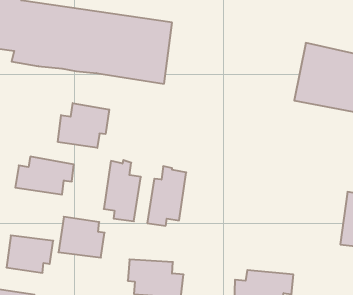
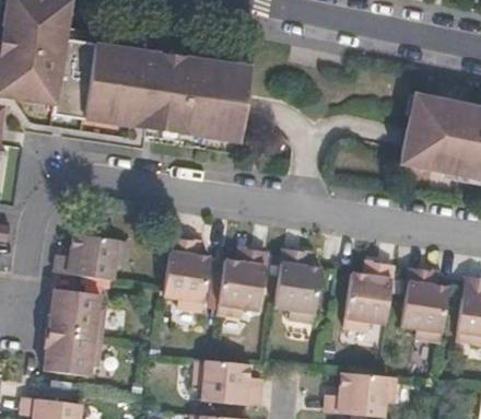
building: [58,103,109,148] -> none
building: none -> [275,248,321,322]
building: none -> [342,259,397,331]
building: none -> [401,268,451,344]
building: [58,217,105,258] -> [50,286,107,336]

